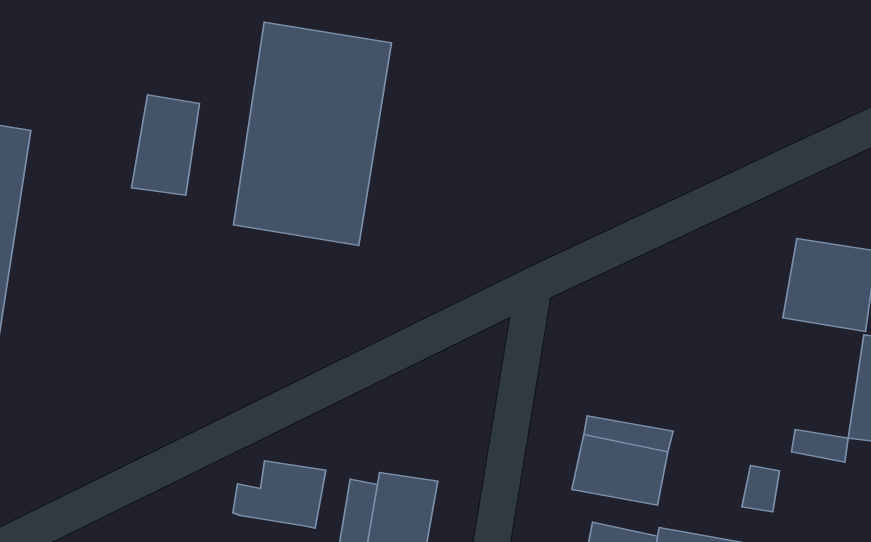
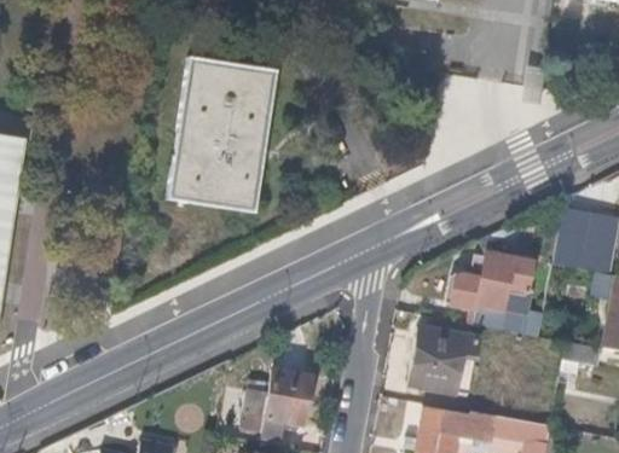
building: [131,95,200,195] -> none
building: none -> [462,252,542,338]
building: [233,461,326,528] -> none

